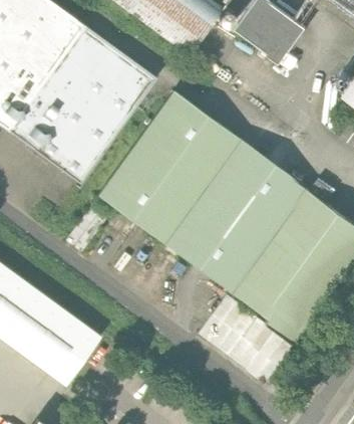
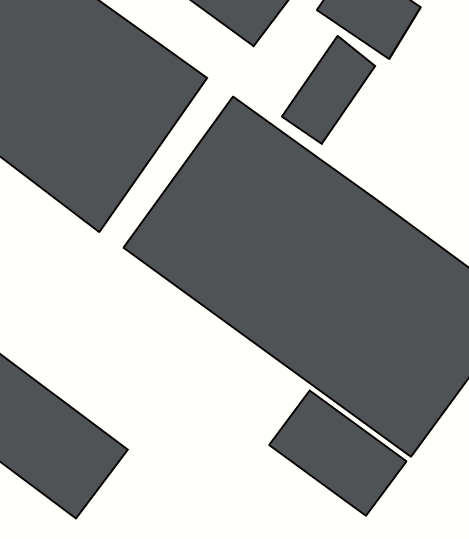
building: none -> [282,36,375,144]

